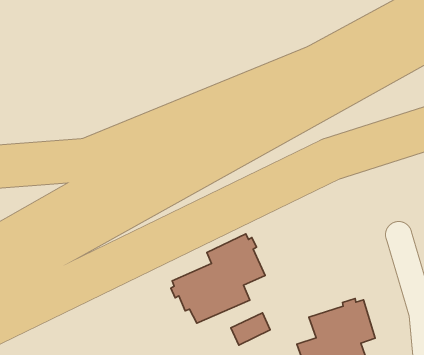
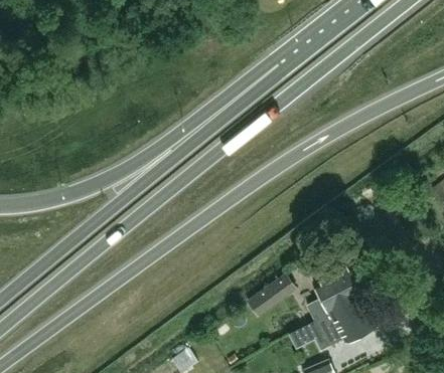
building: [171,234,265,323] -> none

